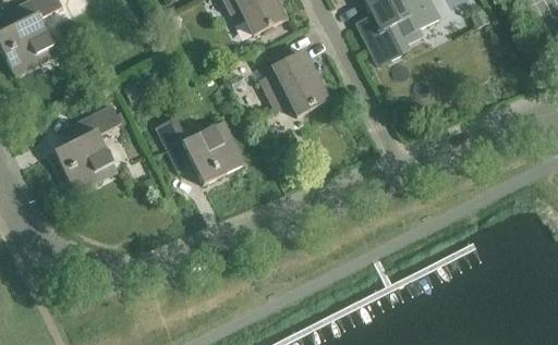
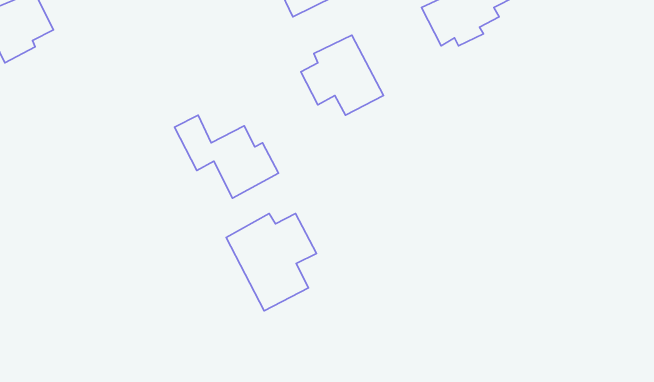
building: [53,103,121,189] -> none
building: none -> [226,213,316,311]

